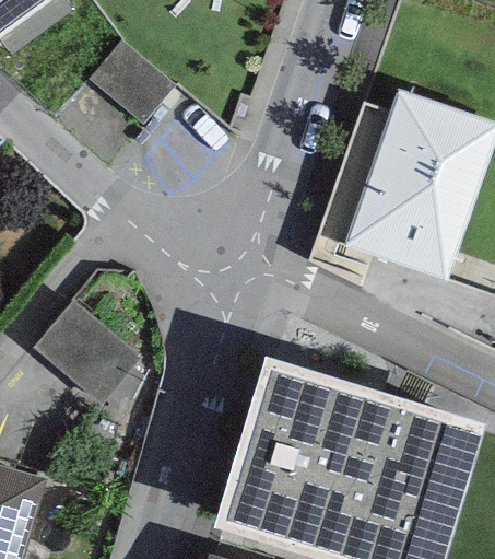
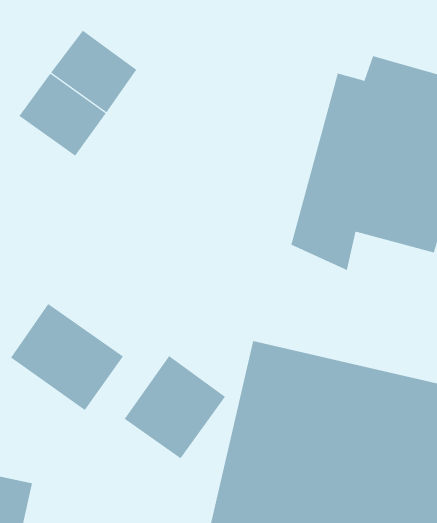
building: none -> [124,355,226,459]

